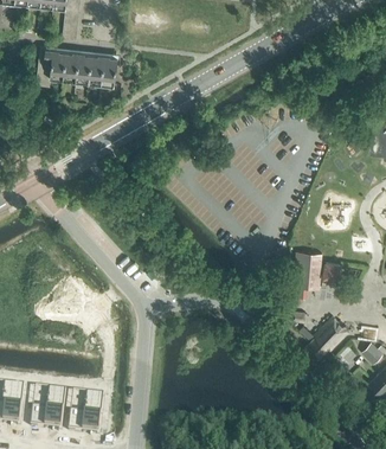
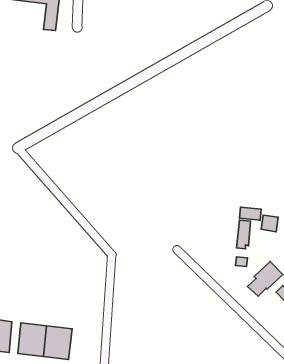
building: [36,45,117,85] -> none

